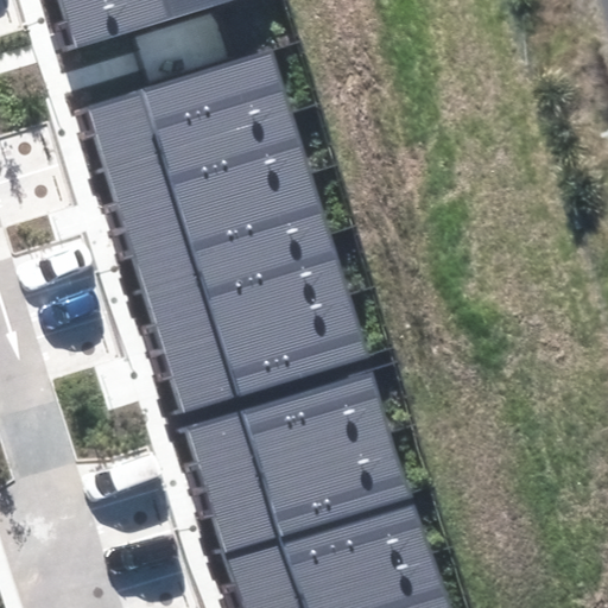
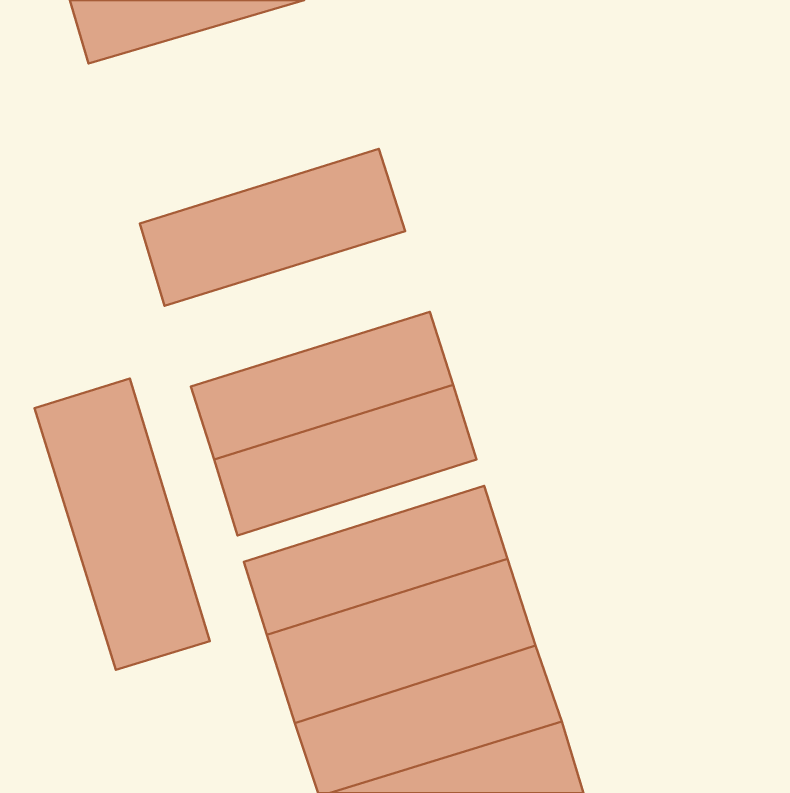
building: [87,51,290,171] -> none
building: [126,177,329,296] -> none
building: none -> [34,378,210,670]

